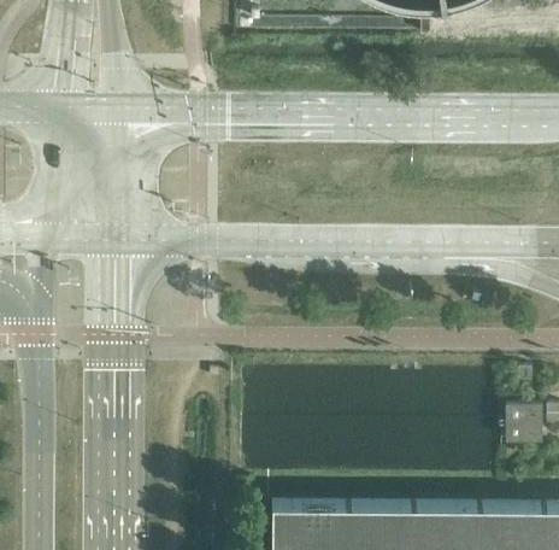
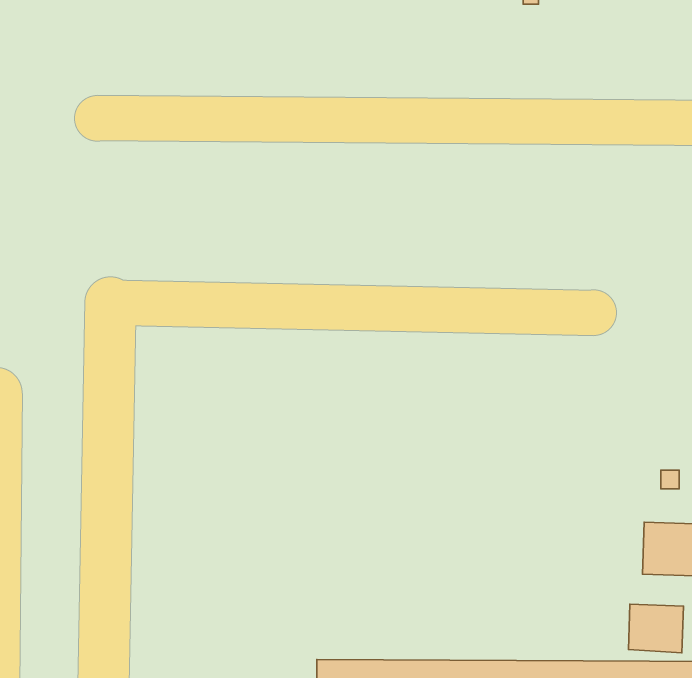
building: none -> [629,604,683,653]

